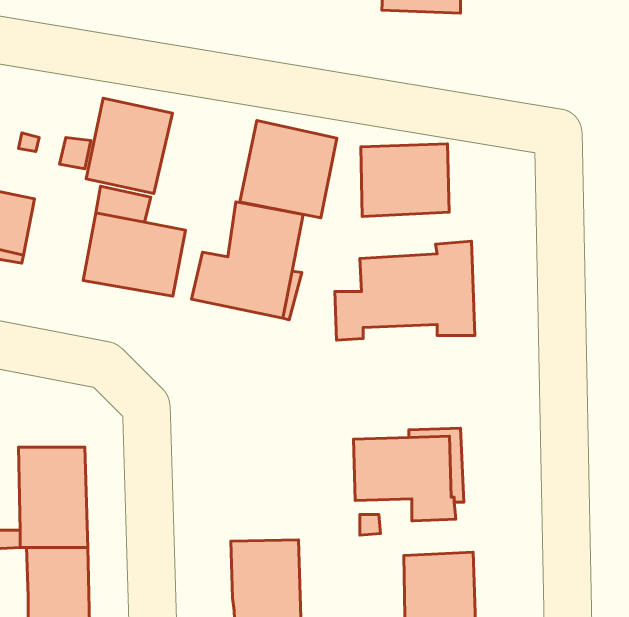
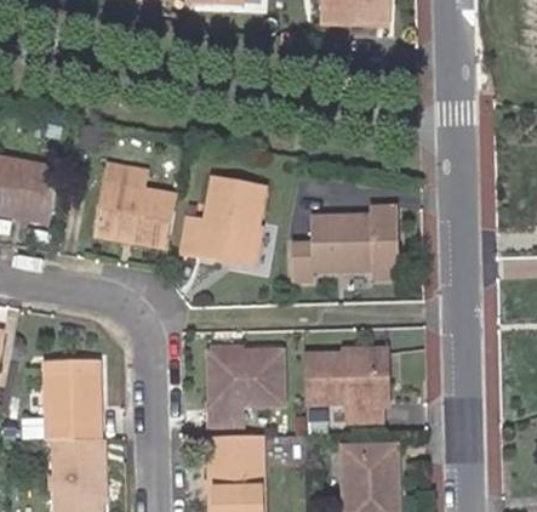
building: [86,98,172,193] -> none
building: [240,120,337,218] -> none
building: [361,144,449,217] -> none
building: none -> [204,352,282,427]

